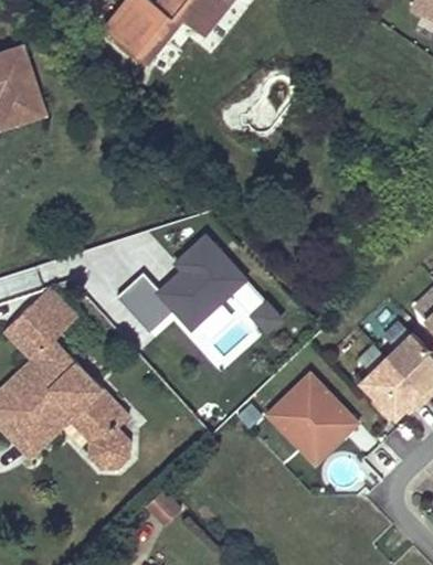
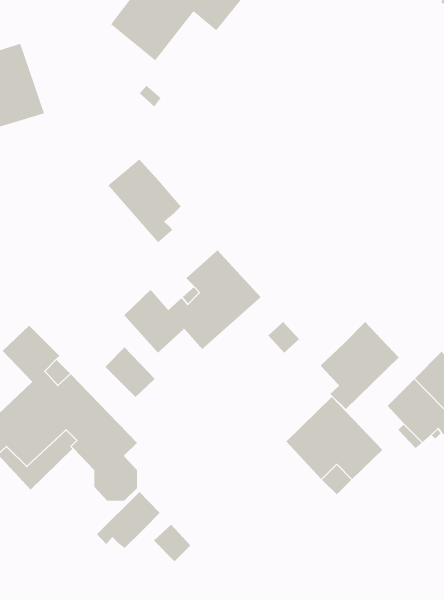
building: none -> [107,158,182,243]
building: [30,287,77,334] -> [104,346,156,398]
building: none -> [320,321,400,410]
building: none -> [96,491,160,549]

